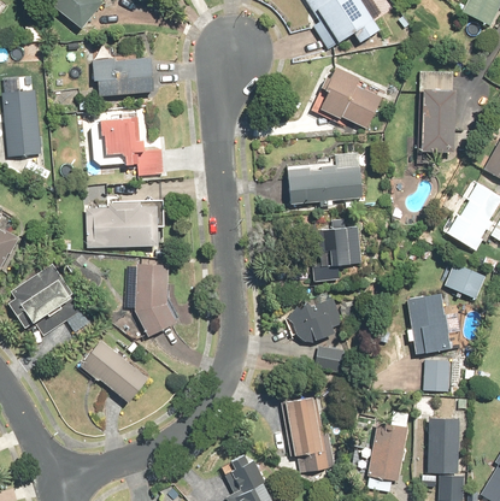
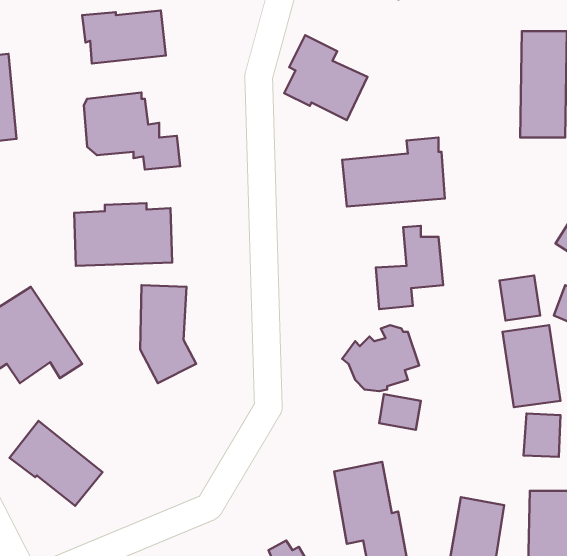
building: [319,65,382,129] -> [284,35,368,120]
building: none -> [499,275,540,321]
building: [78,338,148,402] -> [9,421,103,506]

